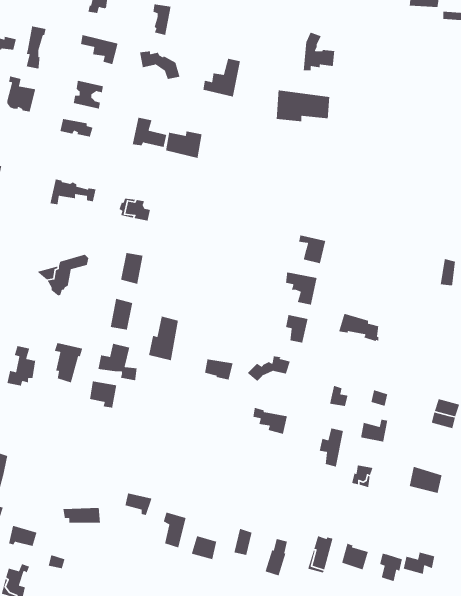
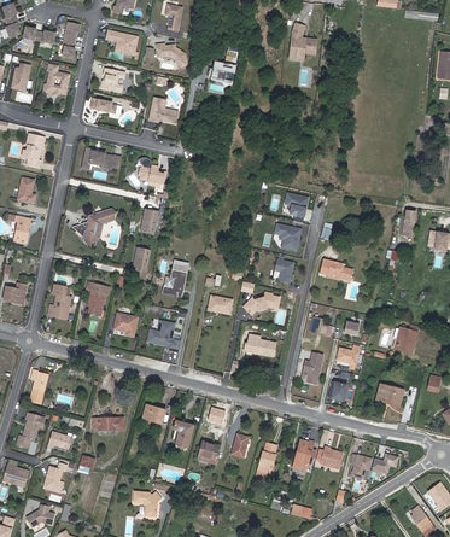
building: [276,90,330,122] -> none
building: [165,130,203,159] -> none
building: [98,343,137,381] -> [147,320,180,351]

